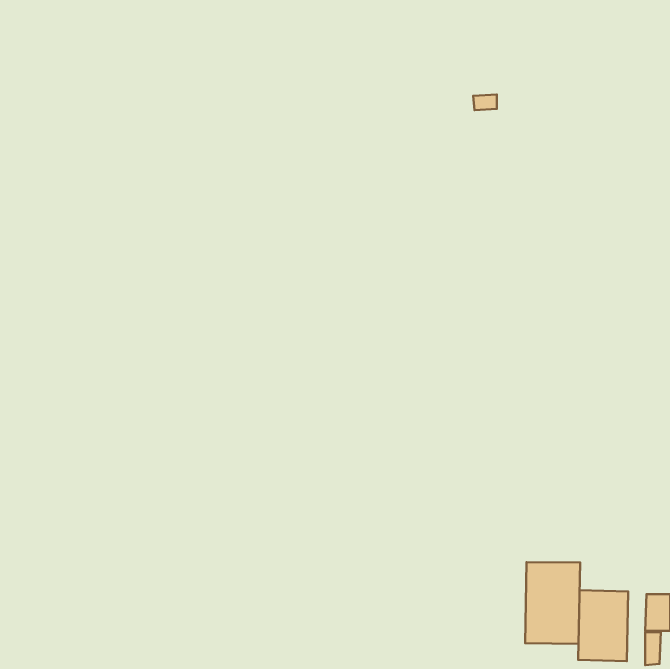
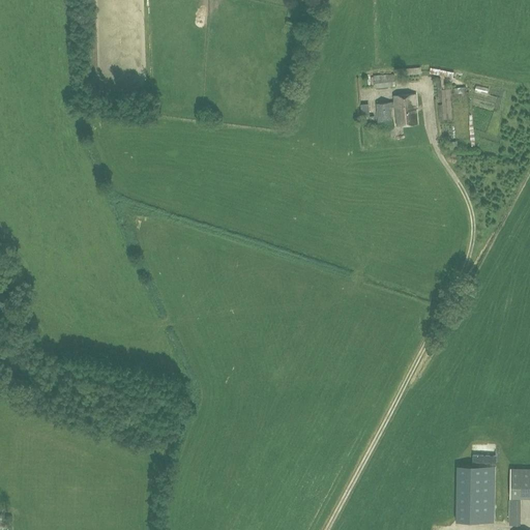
building: none -> [377,94,417,127]
building: [525,562,580,644] -> none

